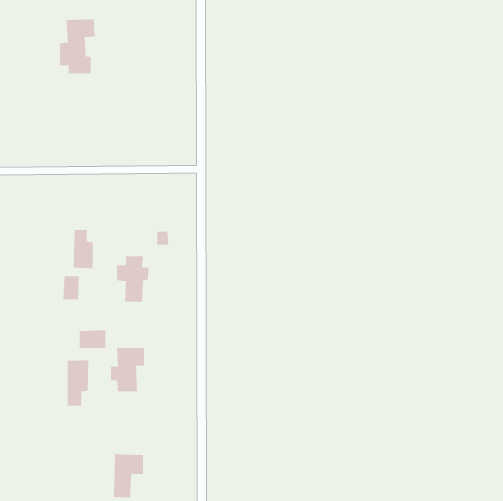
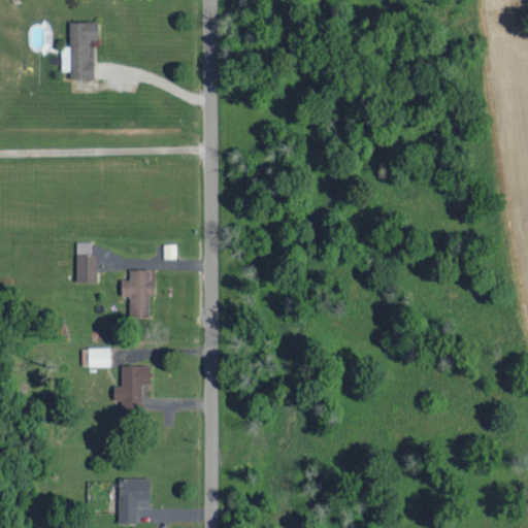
building: [63,275,79,300] -> none
building: [67,359,89,406] -> none

